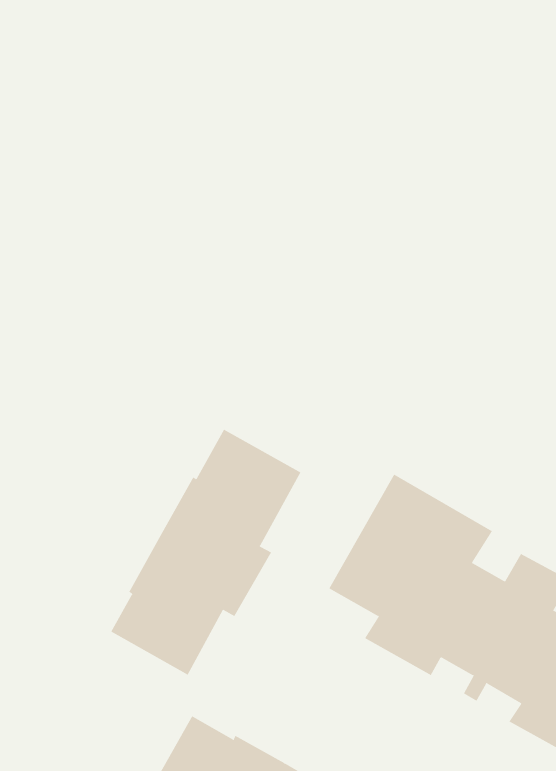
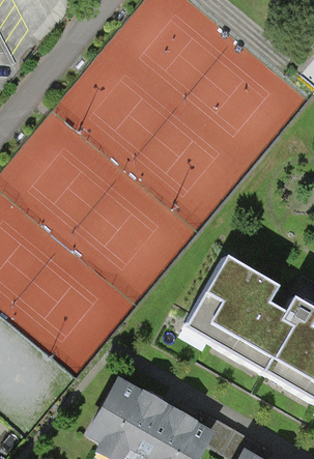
building: [111,429,301,675] -> none

